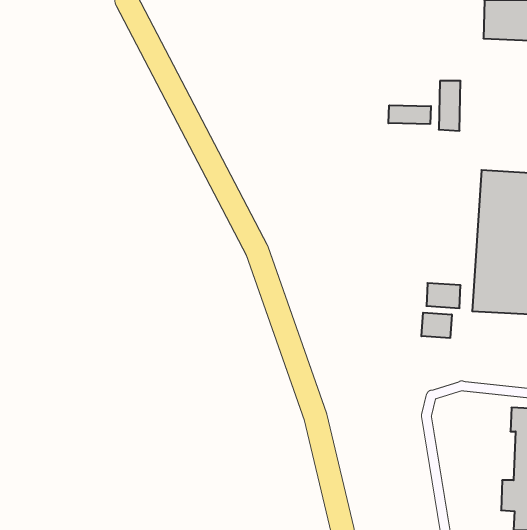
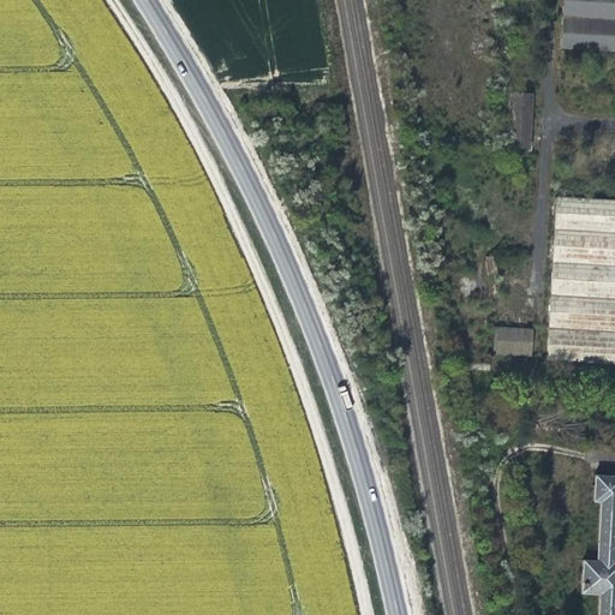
building: [388,105,431,124] -> none
building: [421,313,452,338] -> none

